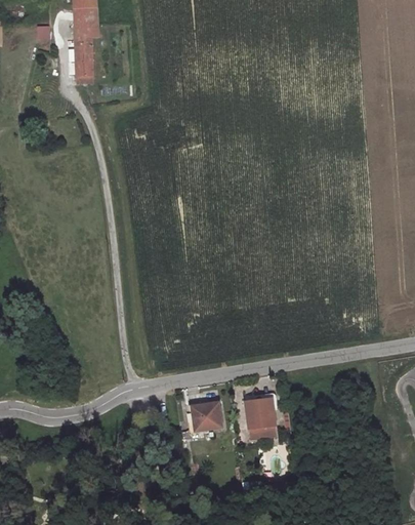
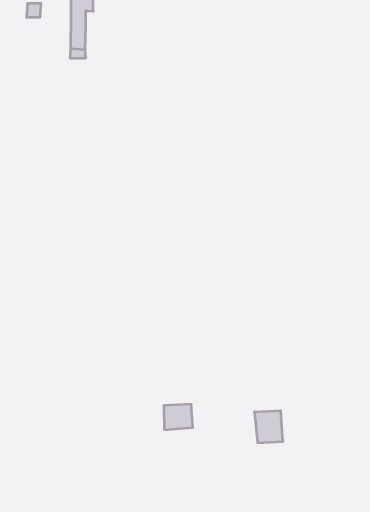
building: [246,400,276,433] -> [254,411,283,443]

